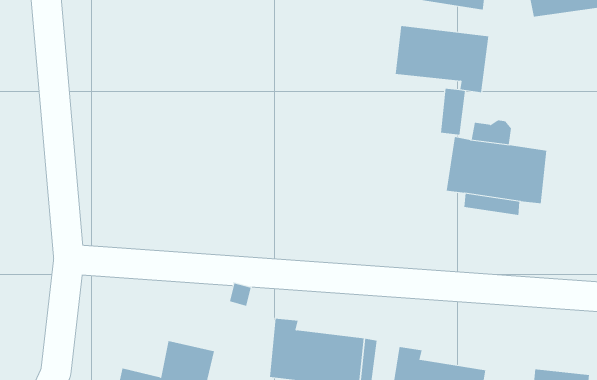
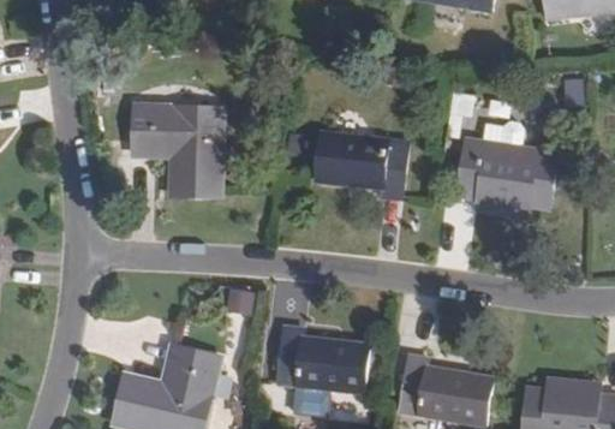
building: [395,26,489,93] -> [314,132,410,201]
building: none -> [135,107,222,196]

